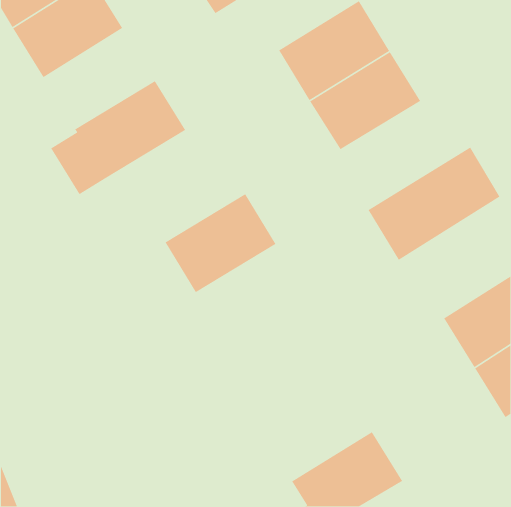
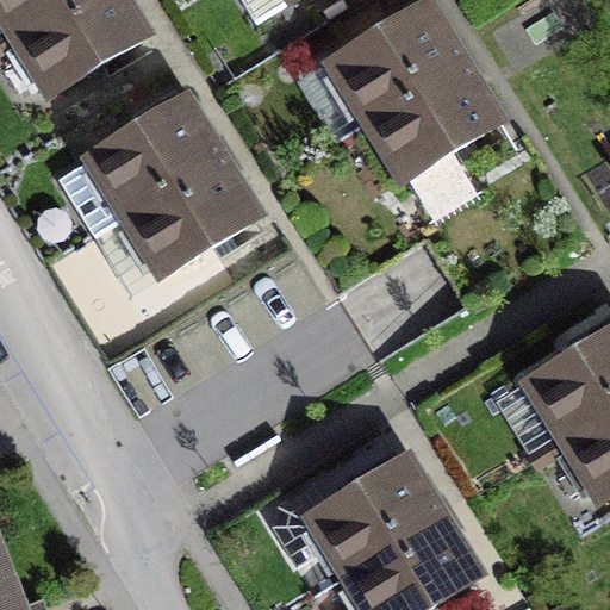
building: [367,146,501,261] -> none
building: [164,193,276,293] -> [125,155,259,274]
building: none -> [274,454,443,573]

